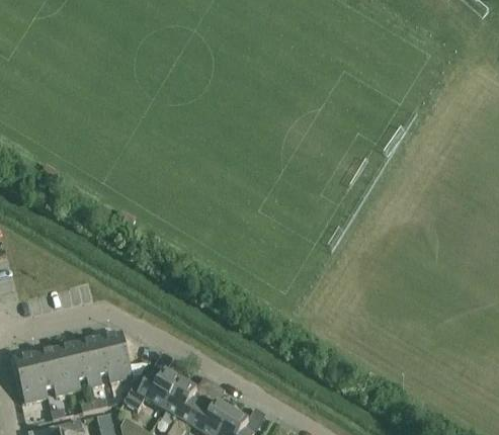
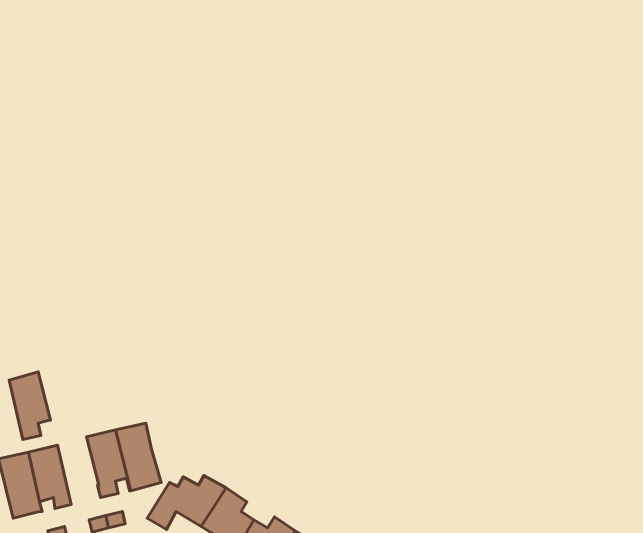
building: [58,342,88,392] -> [9,372,50,440]

